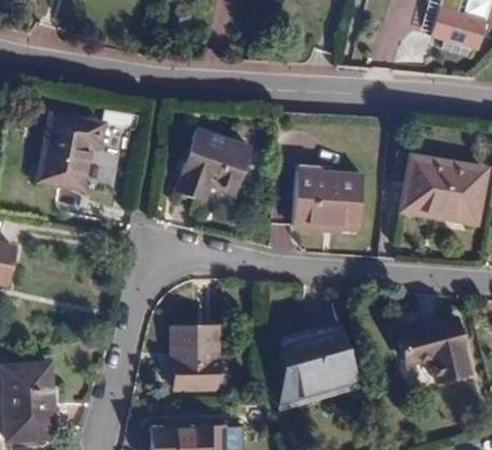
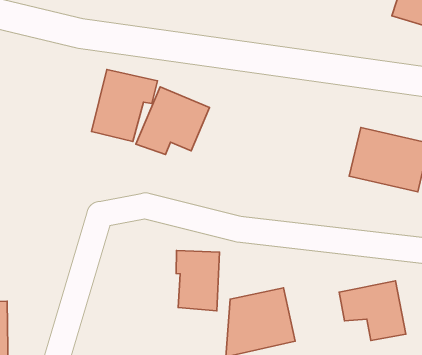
building: [39,115,105,189] -> [91,69,158,141]
building: [295,171,362,230] -> none
building: [171,327,218,389] -> [176,251,219,311]

